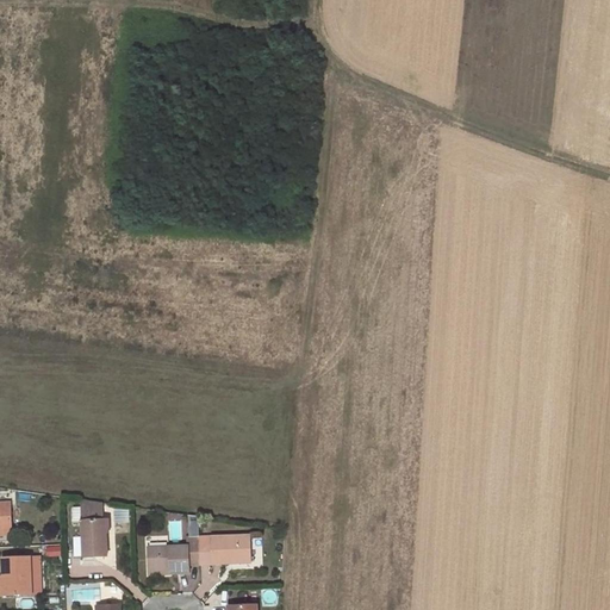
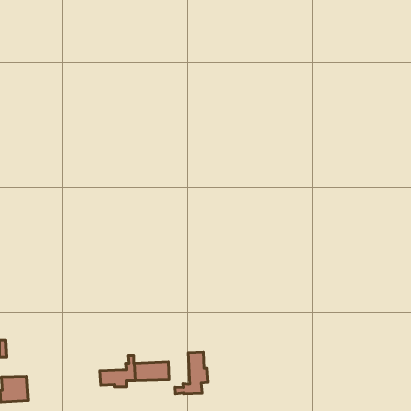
building: [81,498,106,556] -> none
building: none -> [175,352,208,394]

